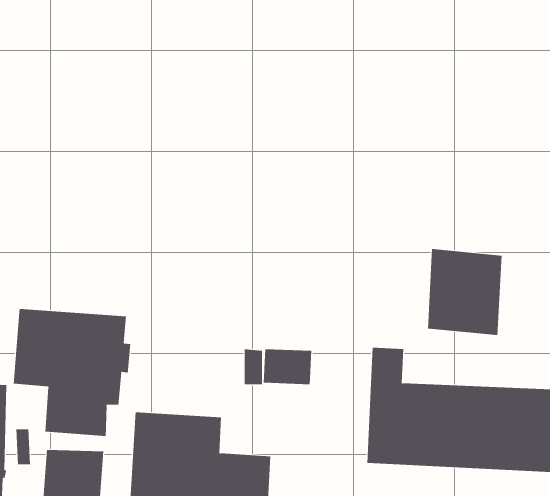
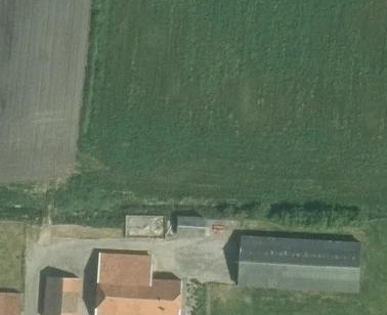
building: [427,248,502,336] -> none
building: [13,308,131,437] -> none

